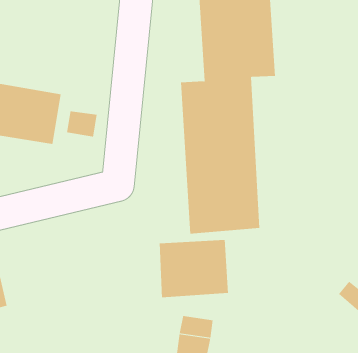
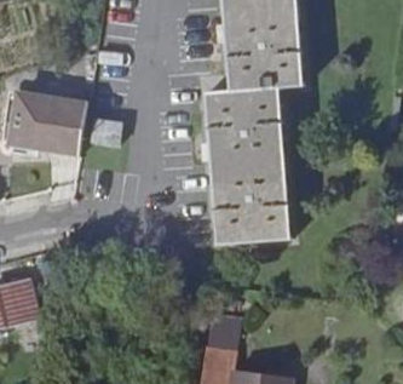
building: [159,239,229,298] -> none

